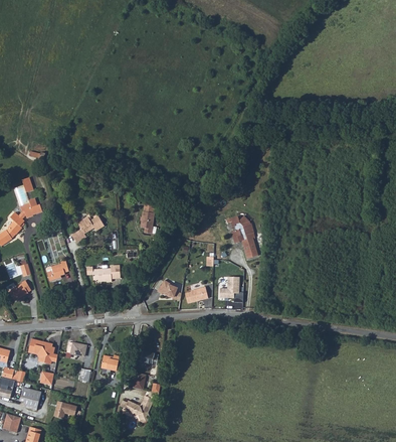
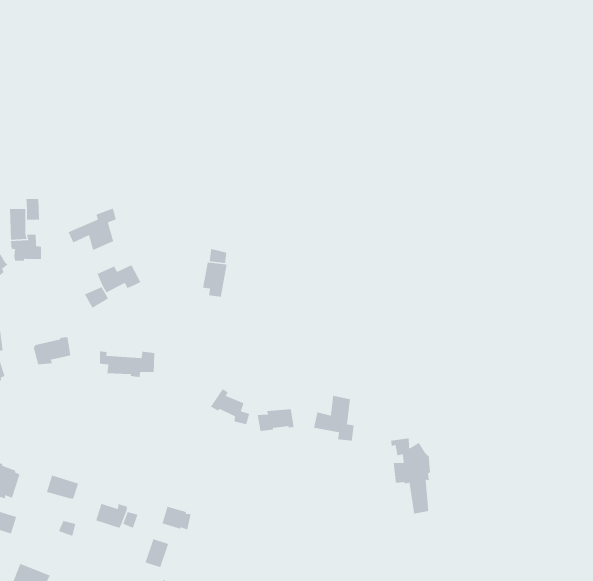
building: none -> [68,207,117,251]
building: [228,214,256,260] -> [390,437,431,515]

